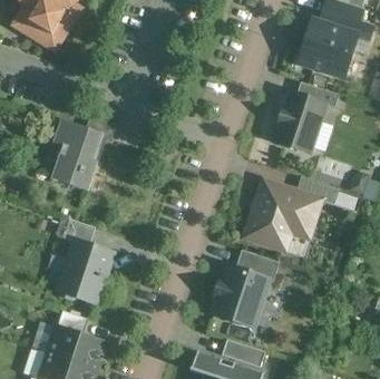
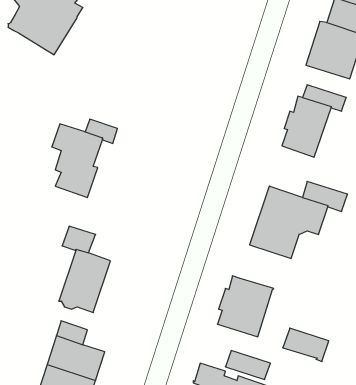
building: [234,251,279,283] -> [283,328,329,362]

